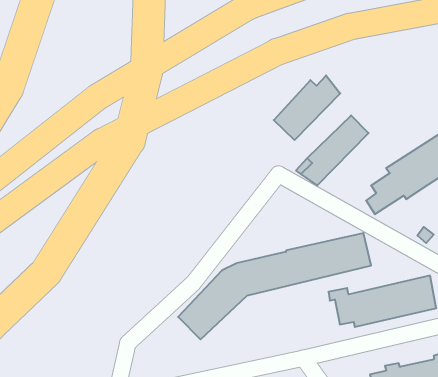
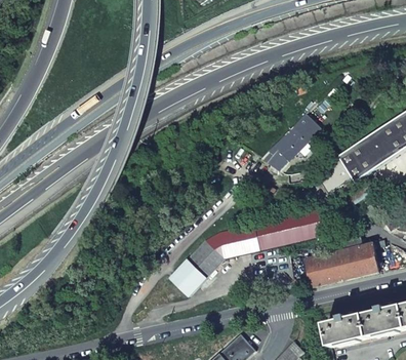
building: [274,75,340,140] -> none

